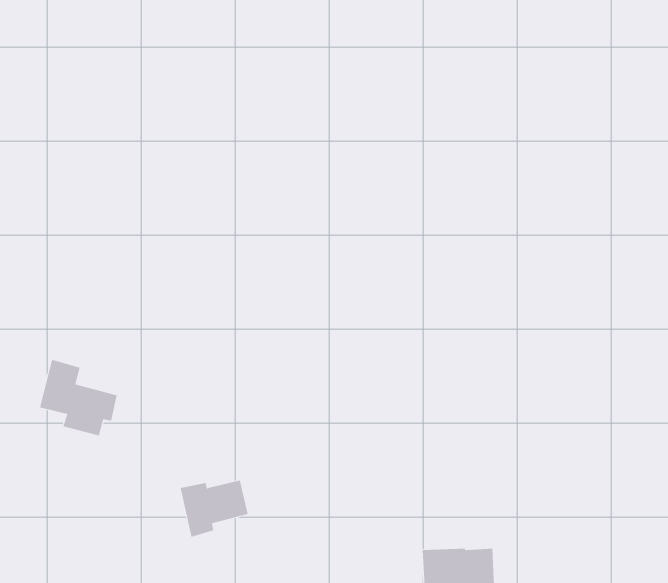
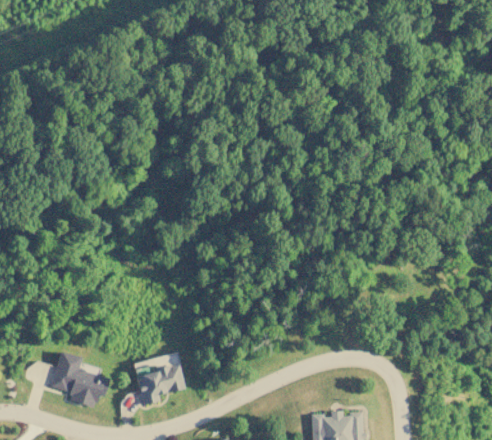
building: [39,359,117,436] -> [51,351,108,407]

